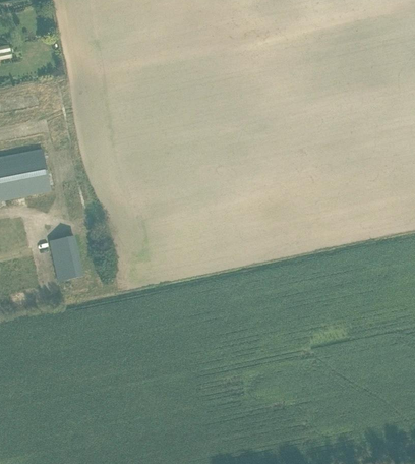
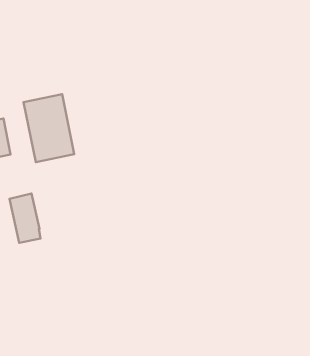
building: none -> [24,94,74,162]

